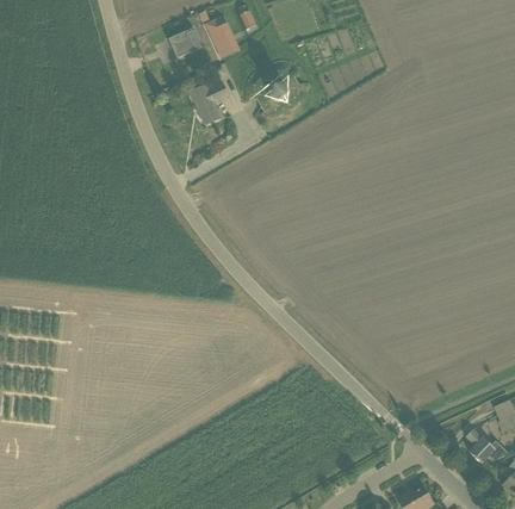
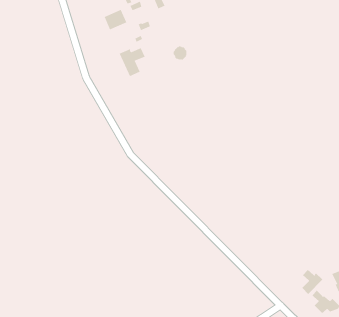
building: none -> [301,269,323,295]

